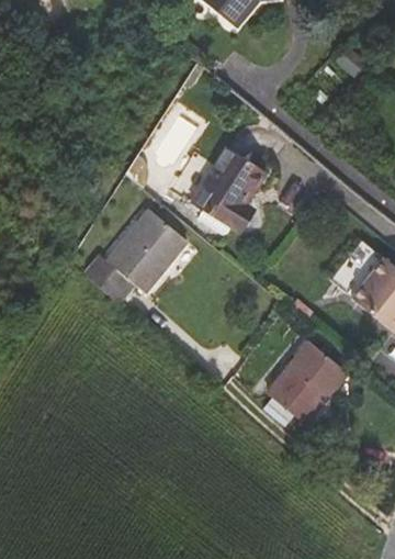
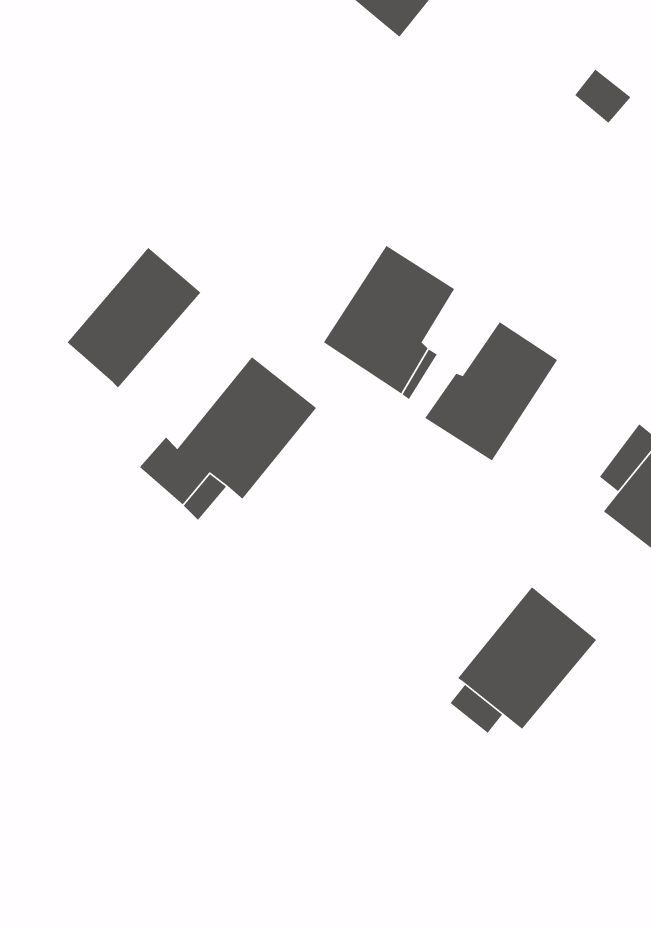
building: none -> [67,247,202,389]
building: none -> [424,321,558,461]

